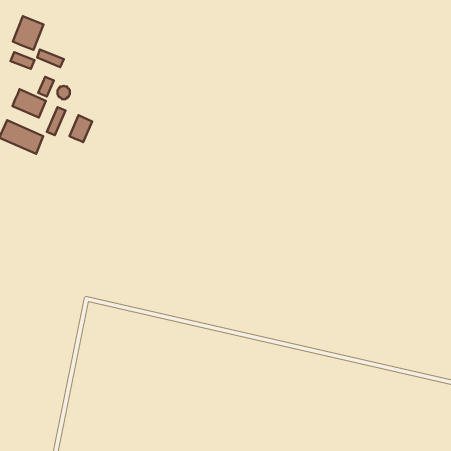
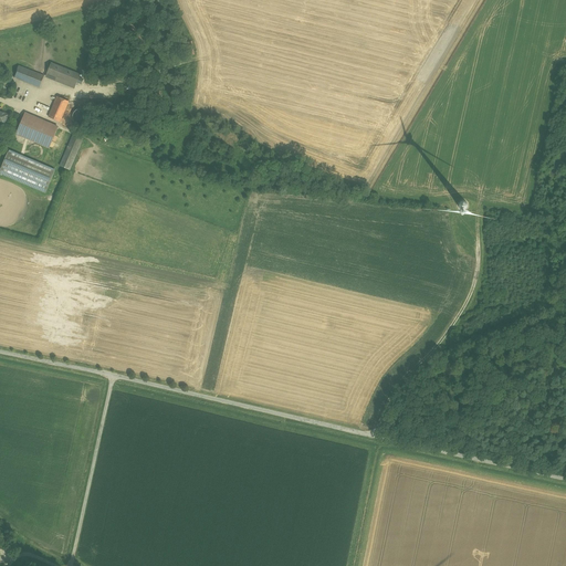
building: [13,16,43,50] -> none
building: [70,115,92,142] -> none

